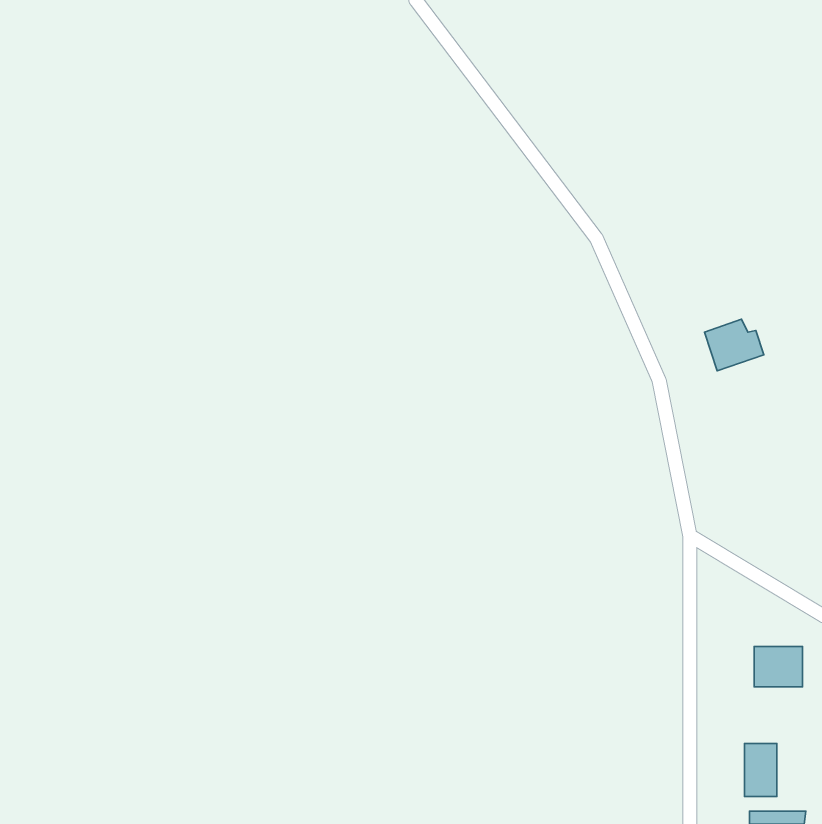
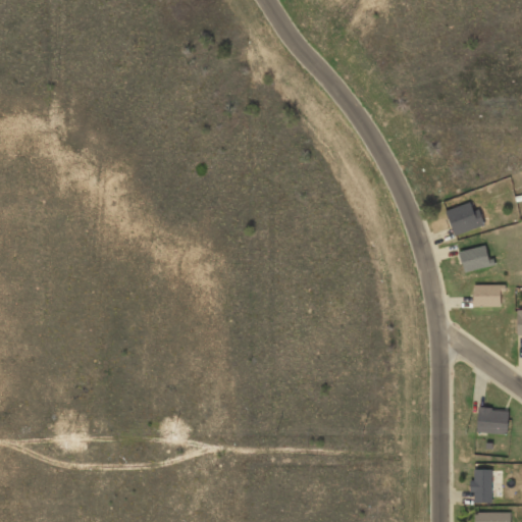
building: none -> [459,245,495,272]
building: none -> [472,284,506,306]

